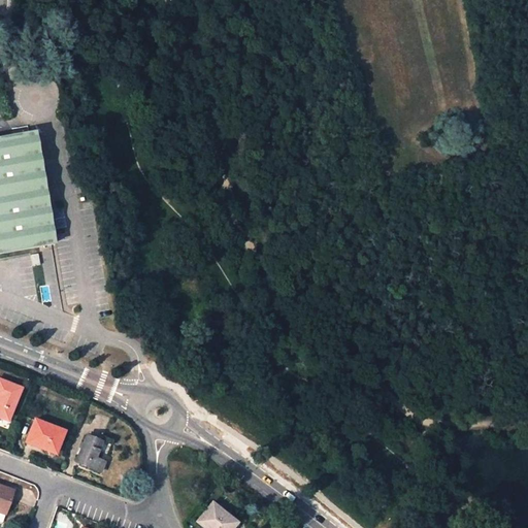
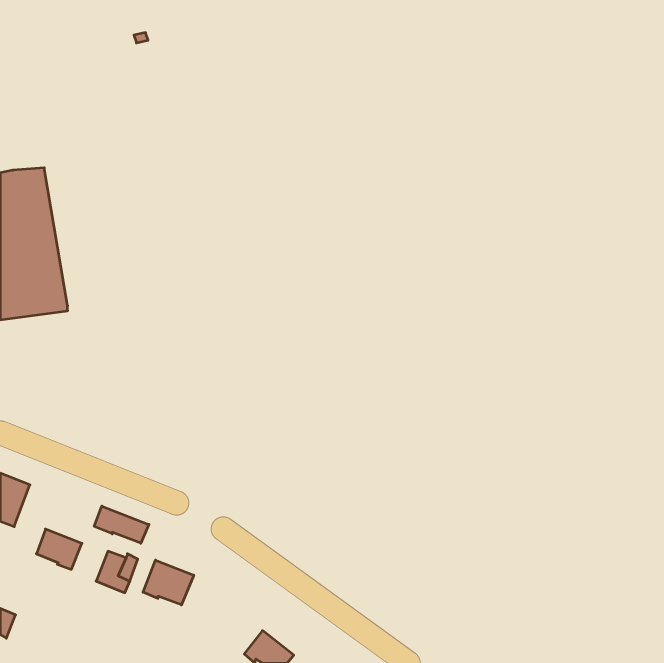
building: none -> [94,506,149,543]
building: none -> [143,560,194,605]

